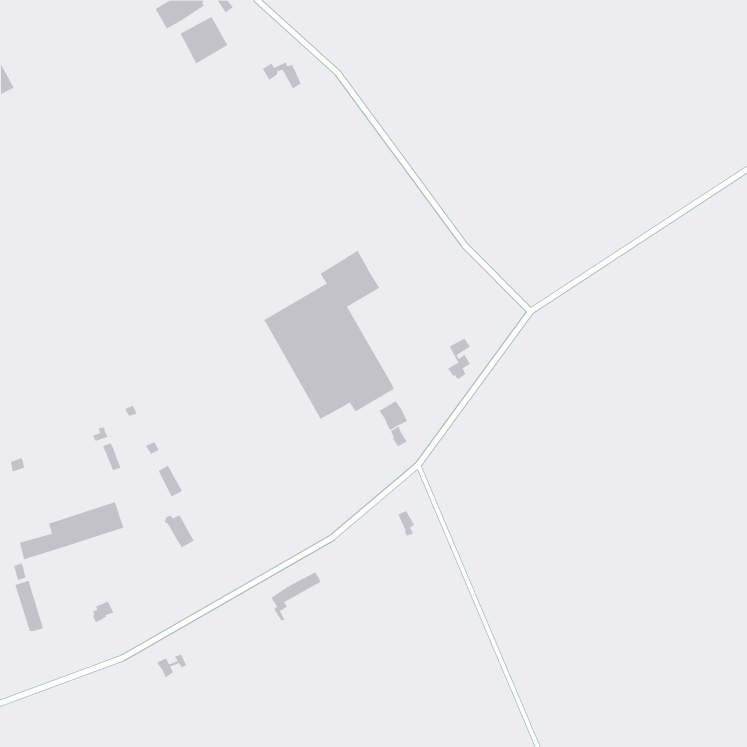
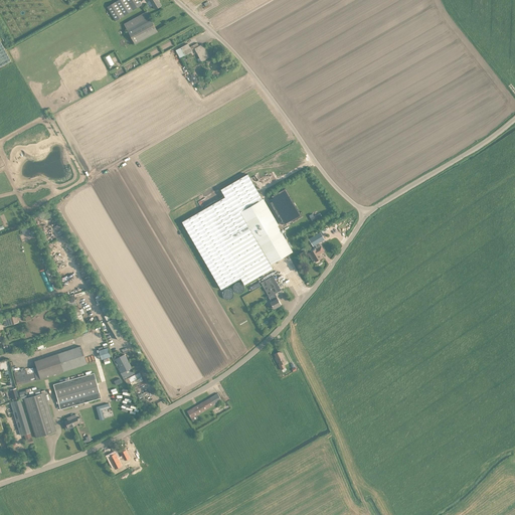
building: none -> [239,198,292,264]
building: none -> [52,372,100,409]
building: none -> [23,391,55,438]

